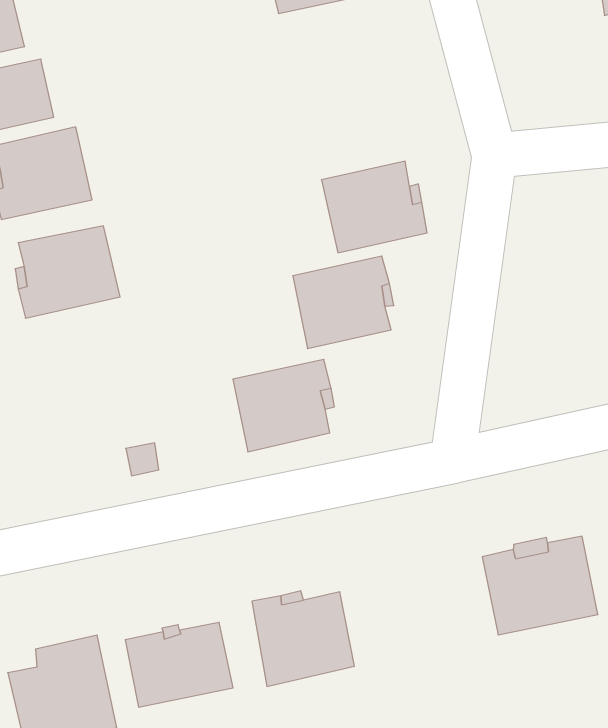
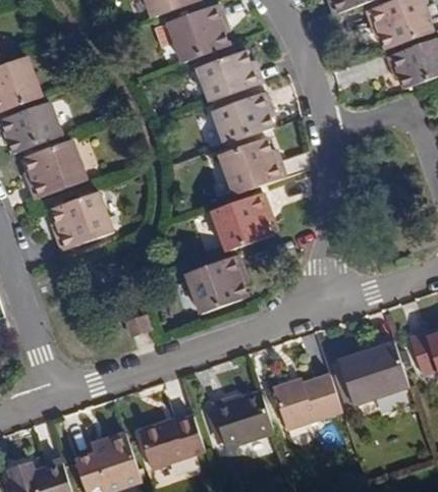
building: none -> [198,53,263,103]
building: none -> [213,92,274,146]
building: none -> [269,373,341,428]

